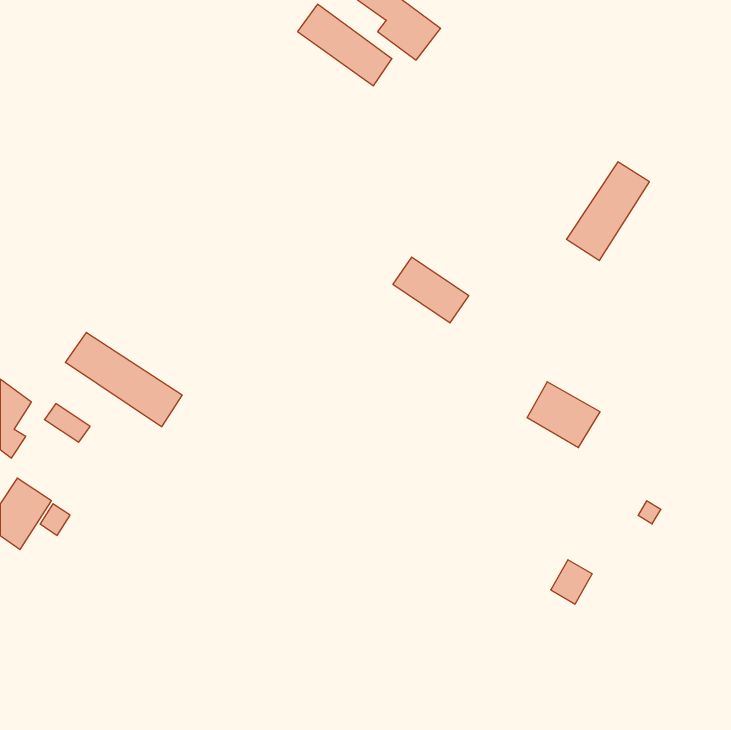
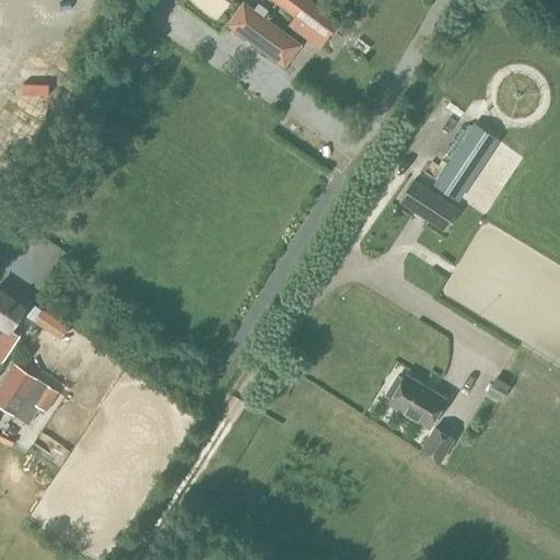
building: [393,257,469,323] -> [398,179,456,230]
building: [65,332,182,427] -> none
building: [527,382,600,448] -> [389,375,445,425]

